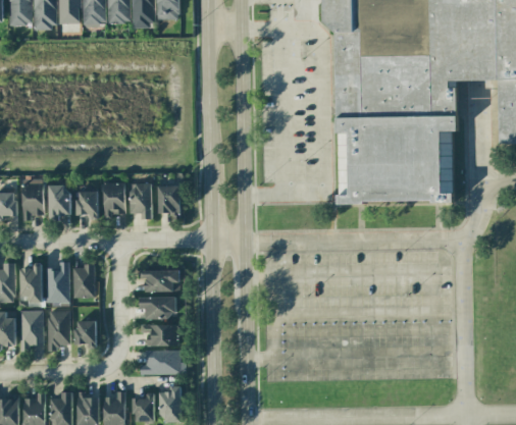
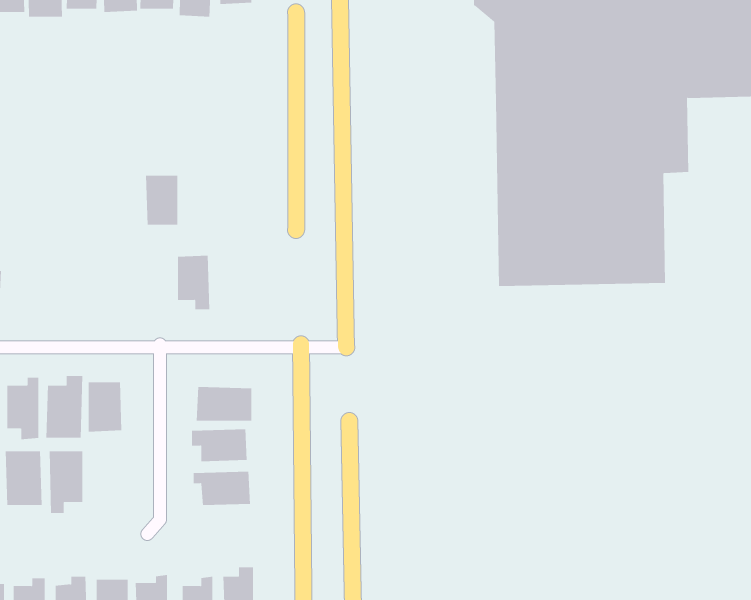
building: [103,181,124,214] -> [145,175,178,225]
building: [22,182,44,220] -> none
building: [49,183,68,216] -> none
building: [158,184,180,216] -> none
building: [76,190,98,216] -> none
building: [75,319,96,346] -> none
building: [140,349,180,373] -> none

